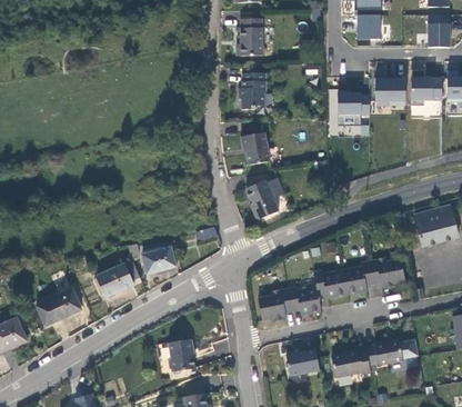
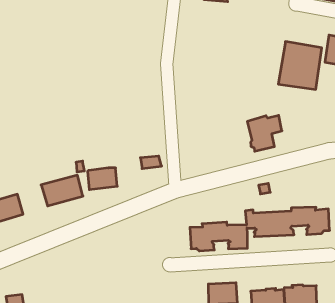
building: [238,73,267,109] -> none
building: [241,133,270,167] -> none
building: [247,179,284,220] -> [247,115,282,151]
building: [168,339,194,371] -> none

